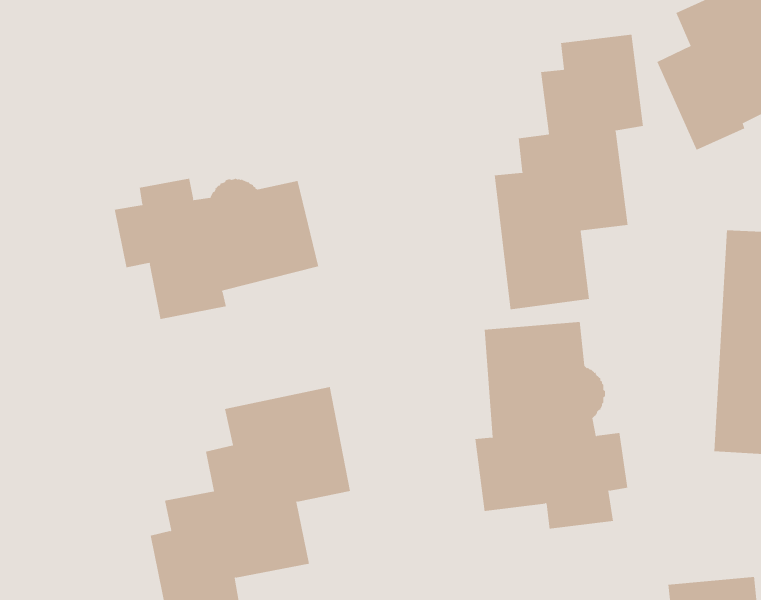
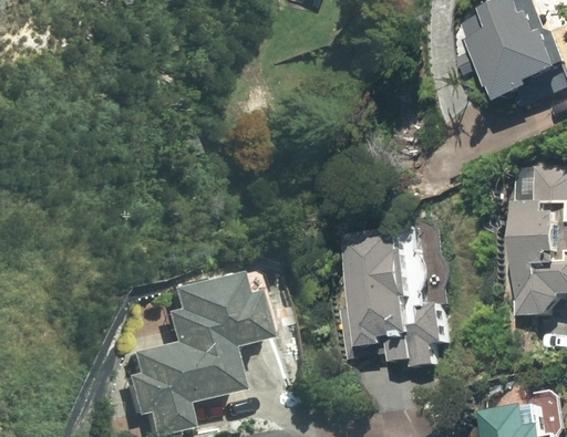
building: [494,34,644,310] -> none
building: [114,178,319,320] -> none

